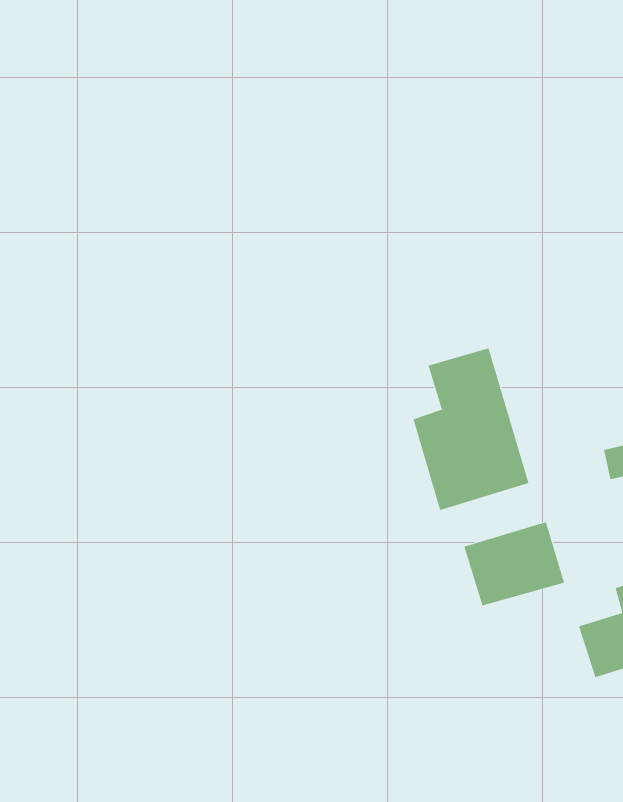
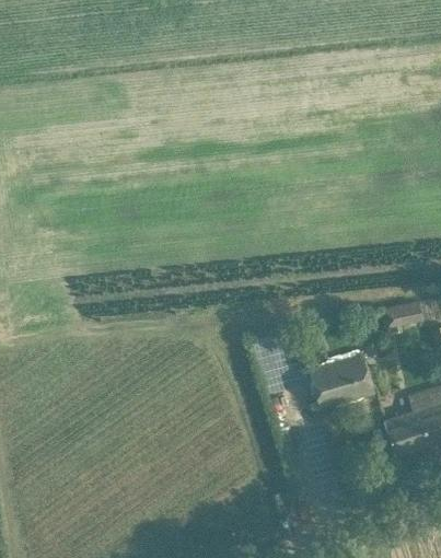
building: [413,347,529,511] -> none

